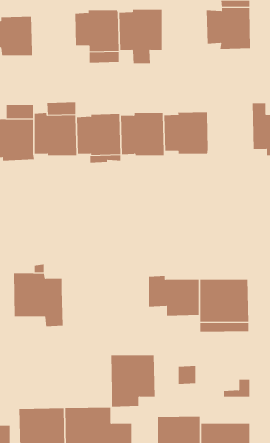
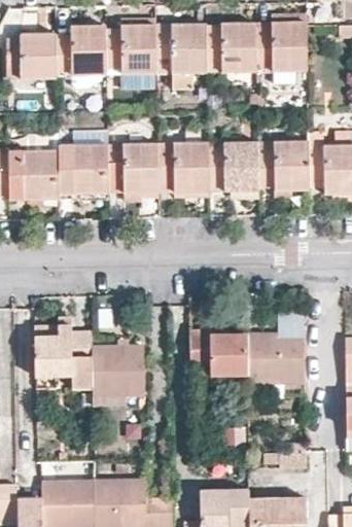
building: none -> [206,23,256,72]
building: none -> [57,26,106,75]
building: none -> [257,128,309,189]
building: [110,355,155,407] -> [92,346,143,406]

